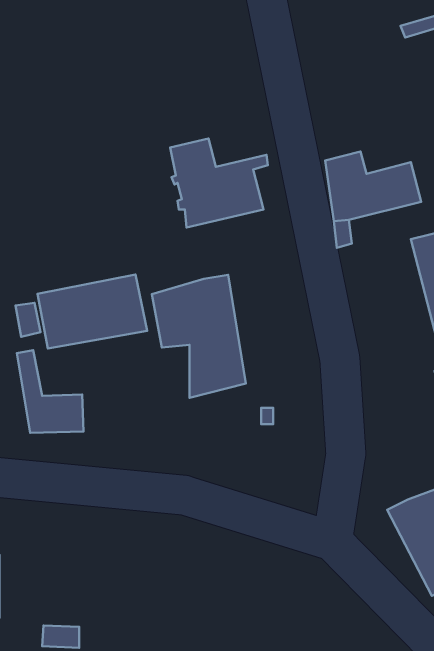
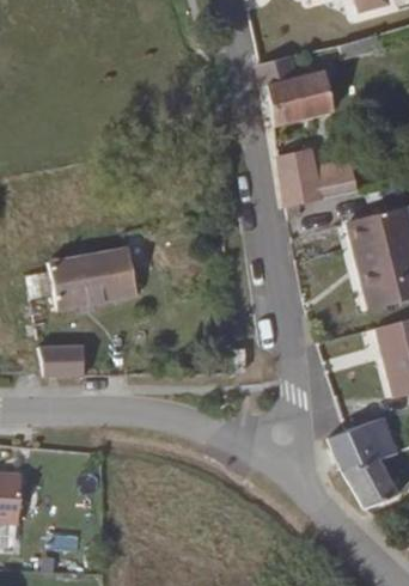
building: [170,139,268,227] -> [260,55,338,127]
building: [152,275,246,398] -> none

